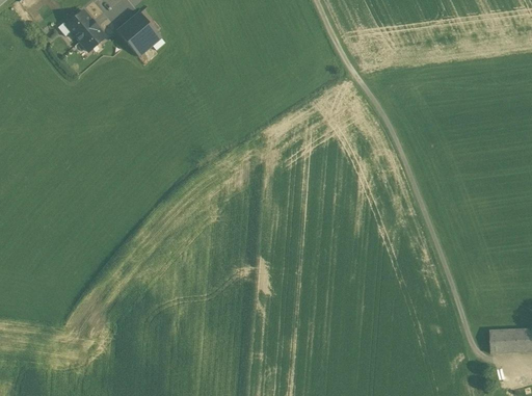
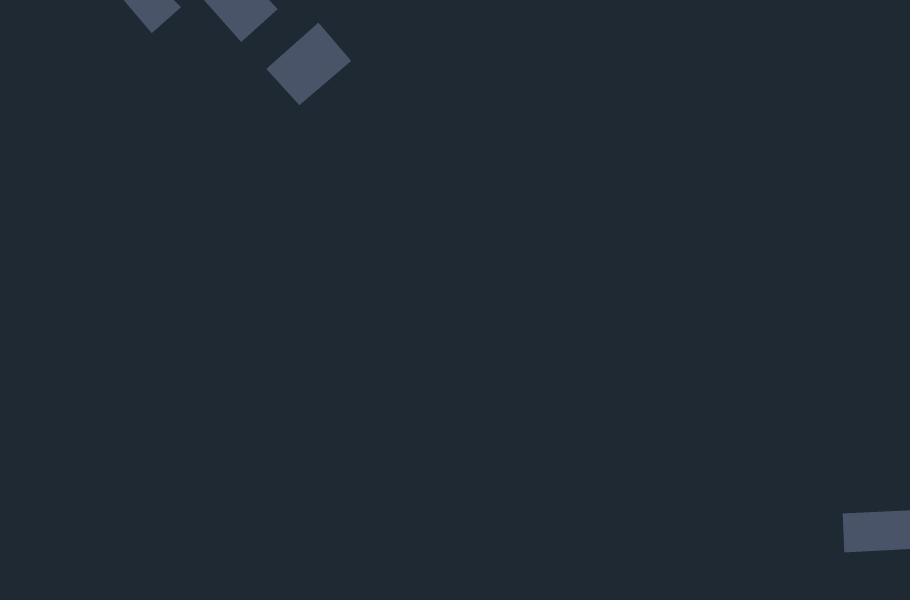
building: none -> [265,22,352,106]

